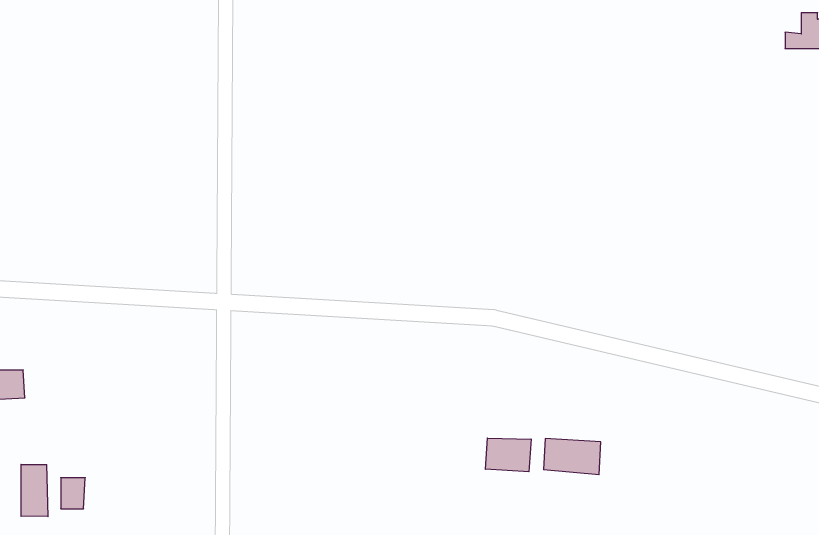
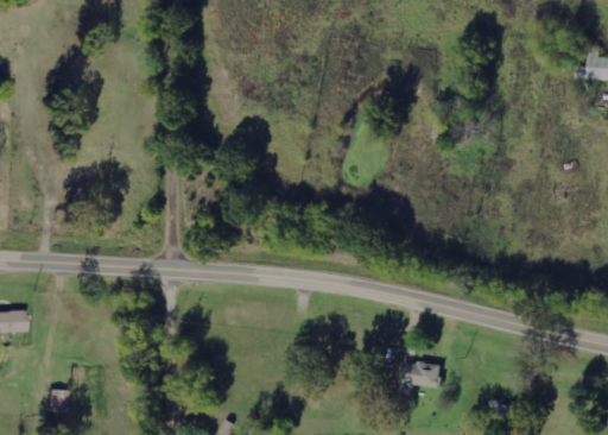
building: [485,438,531,472] -> none
building: [21,464,48,517] -> none

